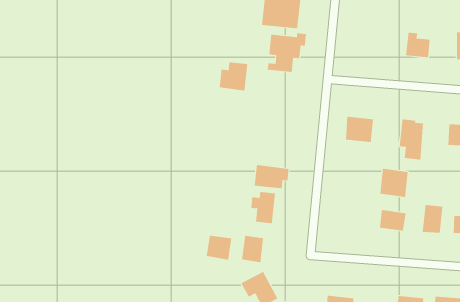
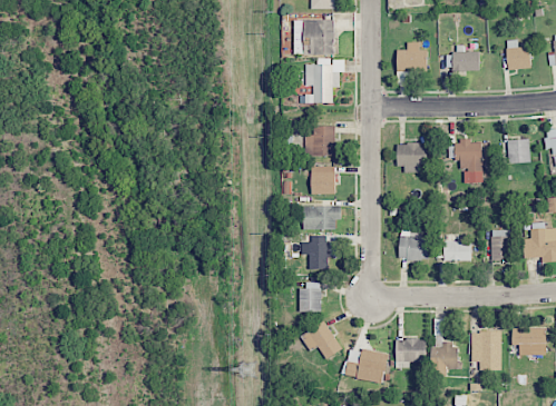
building: none -> [397,42,427,71]
building: [219,62,248,91] -> [305,126,334,156]
building: none -> [311,166,335,194]
building: [380,168,409,197] -> [400,231,429,260]
building: [206,235,232,261] -> none

